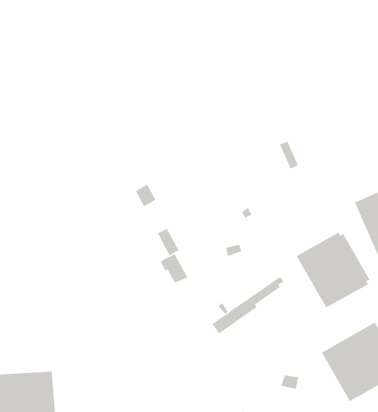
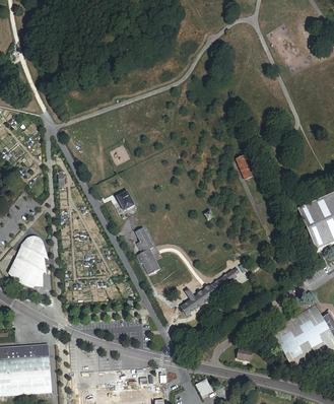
building: [296,232,370,308] -> none
building: none -> [10,235,45,285]

